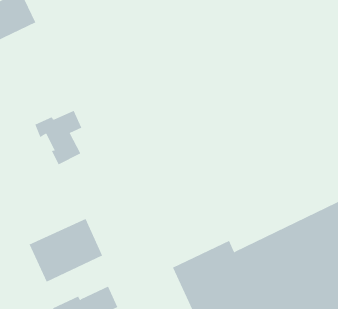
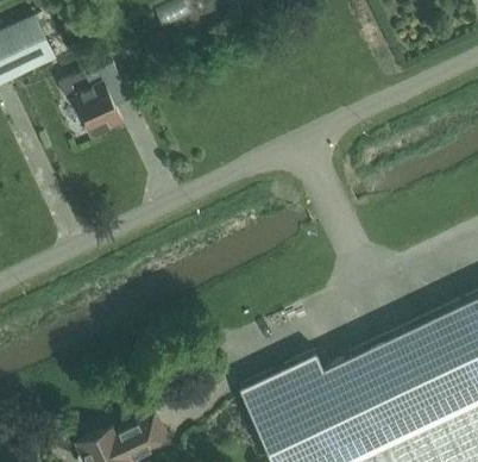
building: [34,110,82,165] -> [61,67,125,141]
building: [29,218,103,282] -> none

